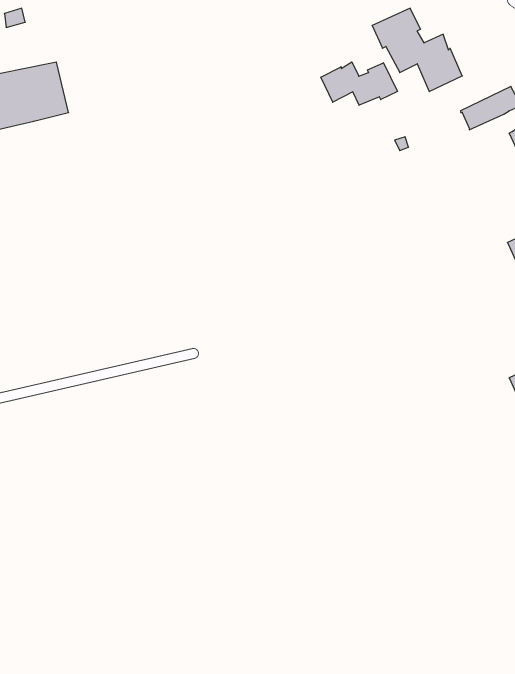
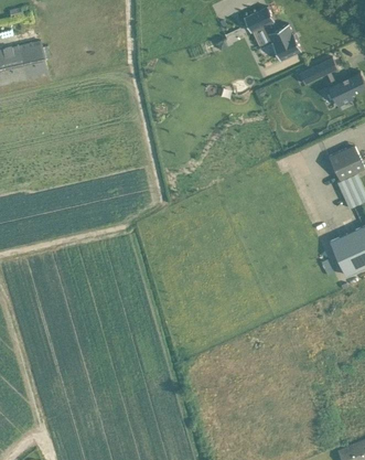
building: [321,62,397,105] -> none

